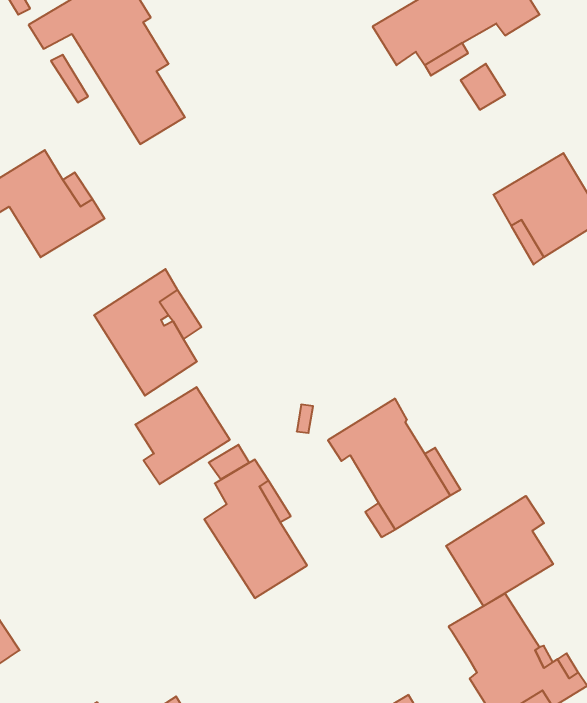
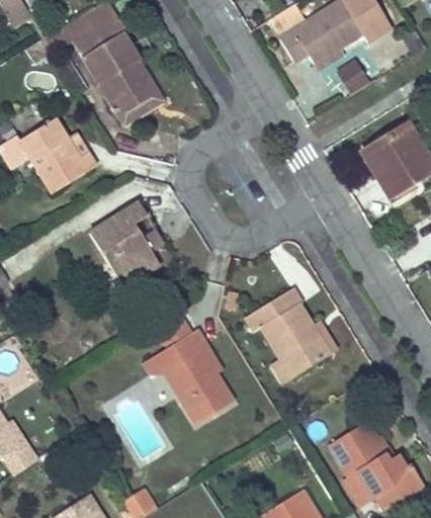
building: none -> [120,61,164,123]
building: [135,387,230,484] -> none
building: [446,496,553,606] -> none

